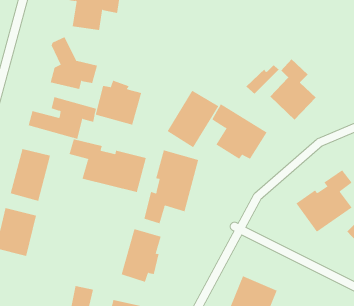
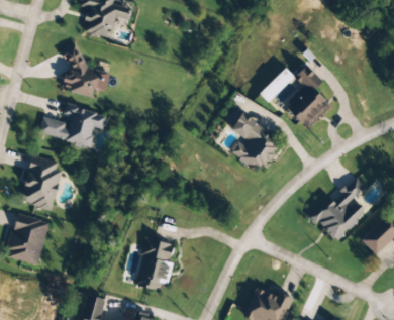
building: [95,80,142,125] -> none
building: [167,90,219,148] -> none
building: [69,138,146,193] -> none
building: [144,149,199,224] -> none

